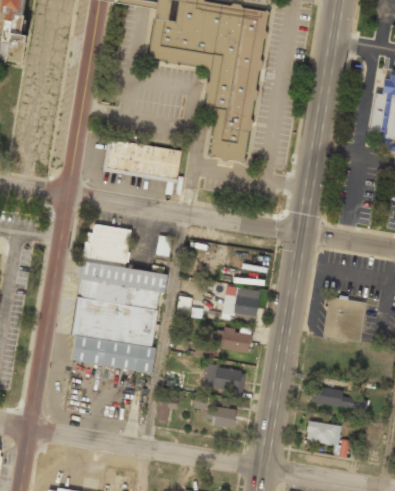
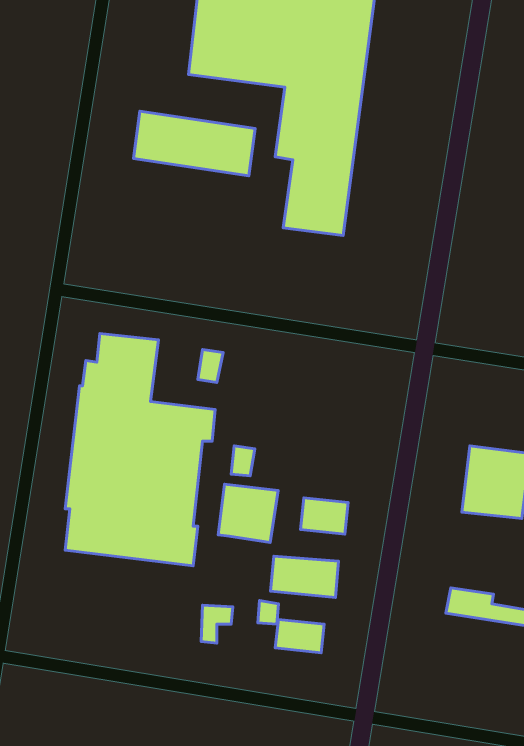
building: [106,141,183,182] -> [134,111,255,176]
building: [222,286,260,323] -> [218,484,278,543]
building: [306,422,340,444] -> none

